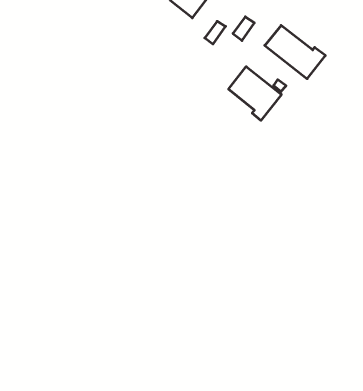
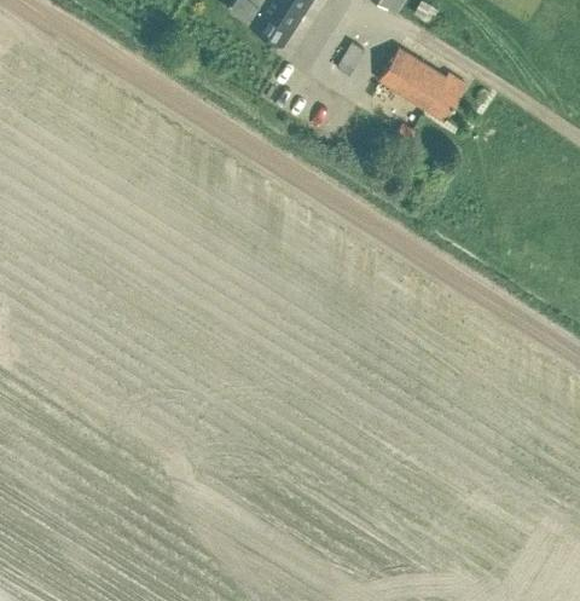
building: [229,67,281,120] -> none

